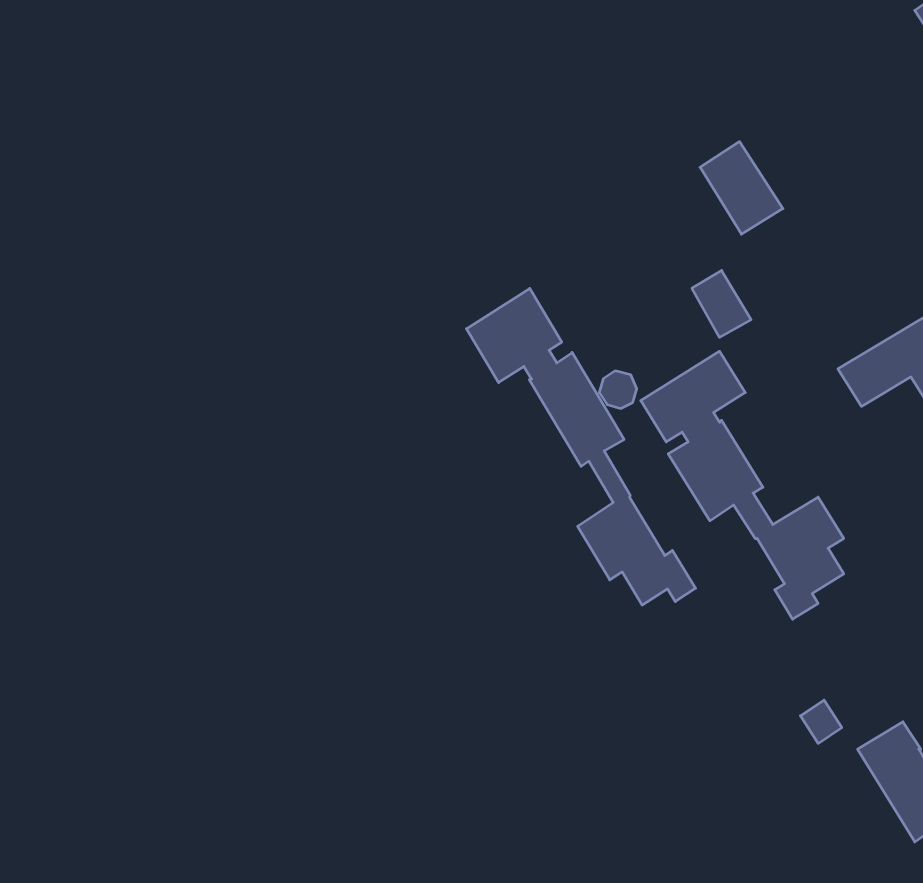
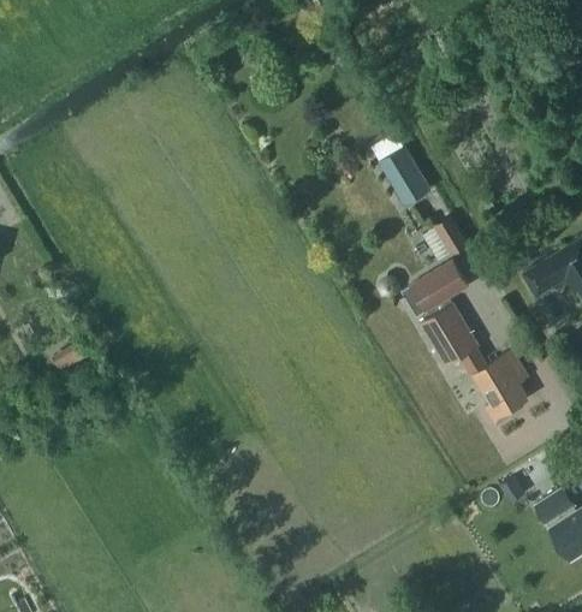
building: [700,142,783,234] -> [380,147,430,203]
building: [466,288,696,605] -> none

